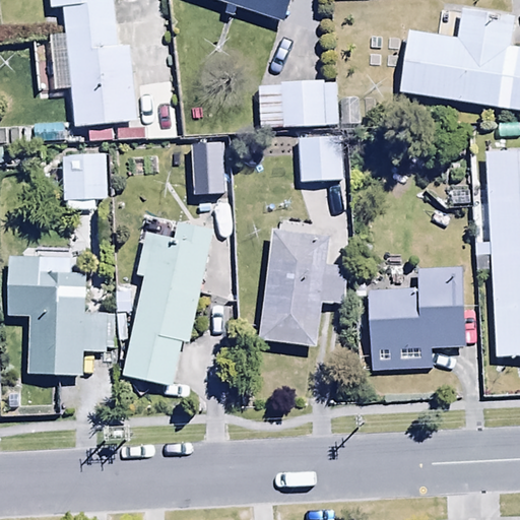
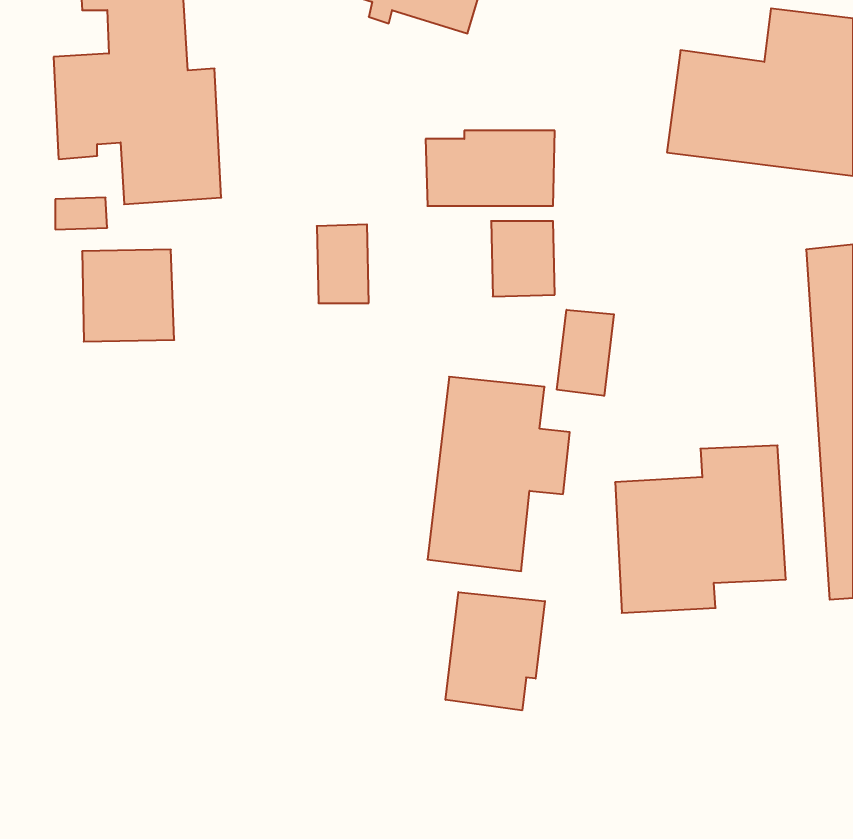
building: none -> [557,310,614,396]
building: [121,220,215,386] -> none
building: [8,255,105,373] -> none
building: none -> [446,592,545,710]

